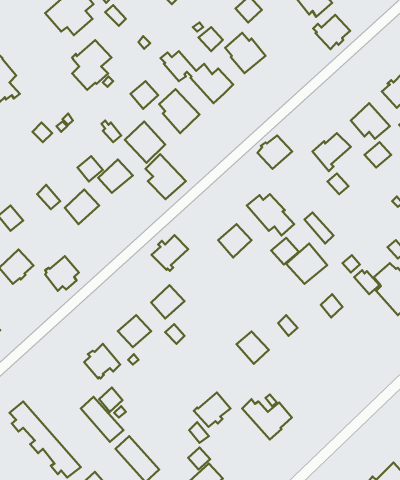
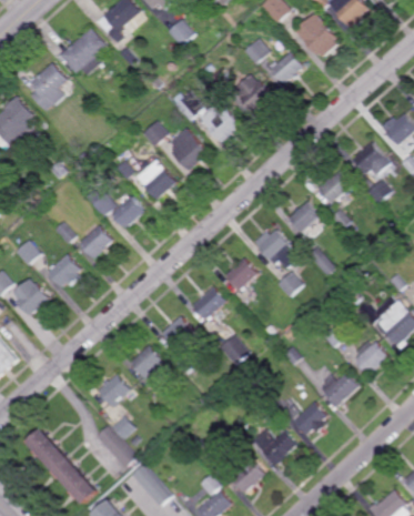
building: [313,15,350,49] -> [269,51,304,84]
building: [72,40,111,90] -> [30,63,68,111]
building: [257,135,292,169] -> [290,202,323,234]
building: [145,154,186,199] -> none
building: [151,235,188,271] -> [191,287,226,322]
building: [286,244,327,284] -> none
building: [45,256,79,291] -> [48,254,80,287]
building: none -> [355,341,391,376]
building: [236,332,269,364] -> [219,335,250,366]
building: none -> [322,373,361,406]
building: none -> [295,402,330,436]
building: [194,392,231,427] -> [229,458,264,492]

